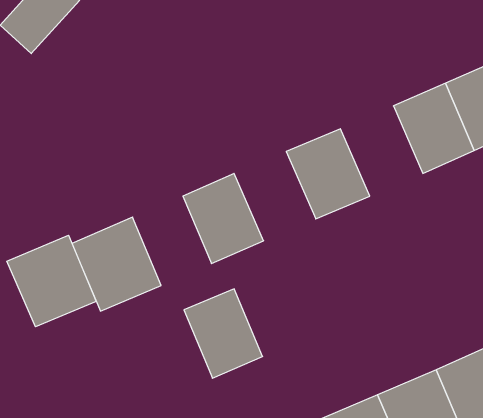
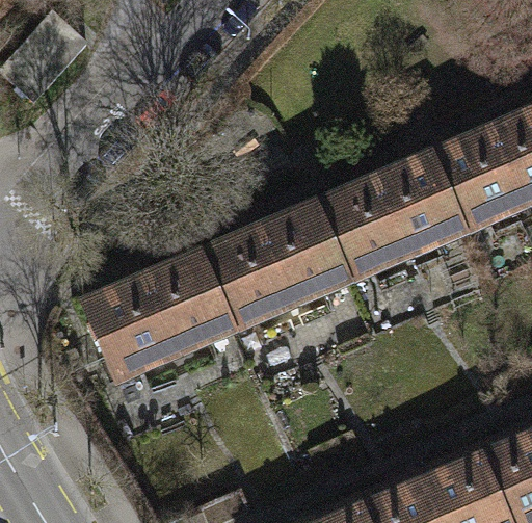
building: none -> [373,155,463,254]
building: none -> [257,205,346,303]
building: [7,235,96,327] -> none
building: [184,289,263,378] -> [145,254,232,351]

